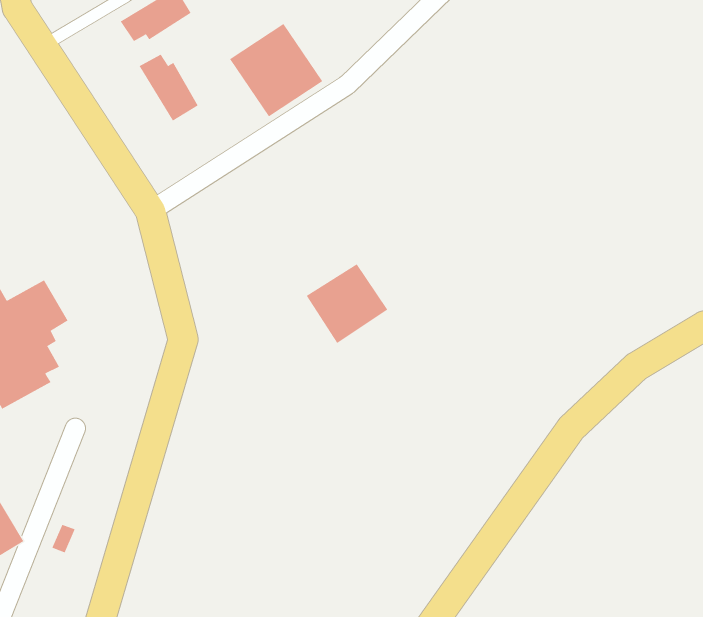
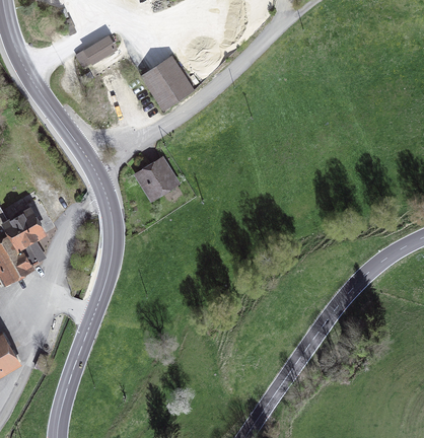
building: [139,54,199,122] -> none
building: [306,263,388,344] -> [132,156,181,204]

